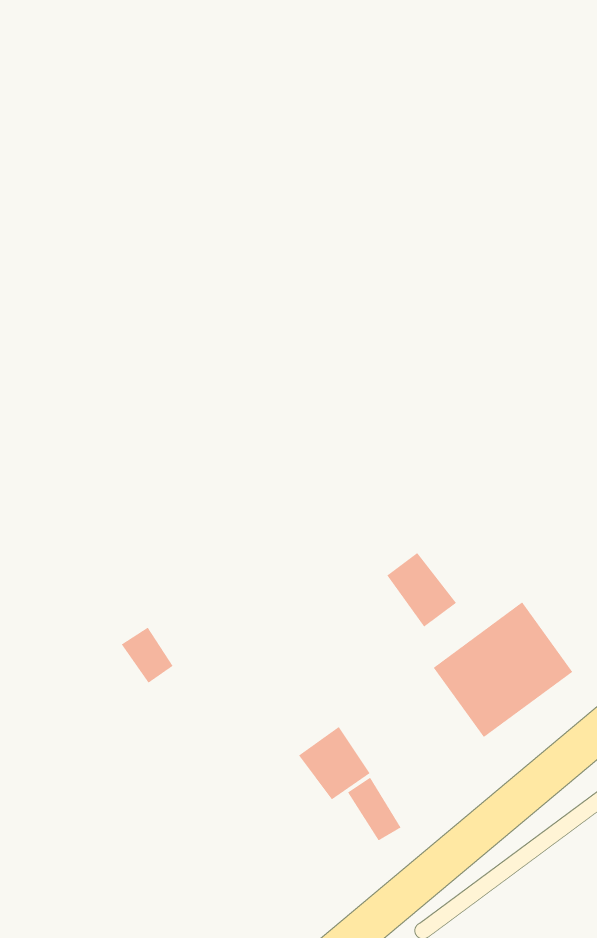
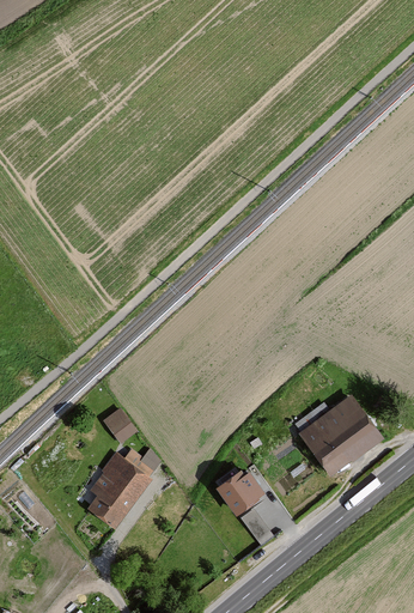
building: [387,552,457,627] -> none
building: none -> [87,448,157,528]

